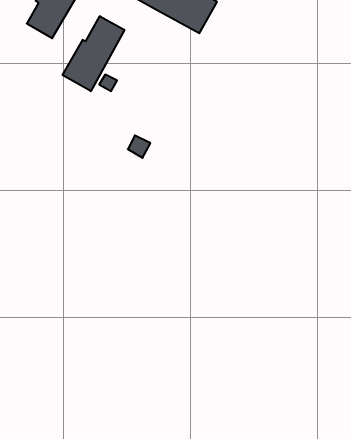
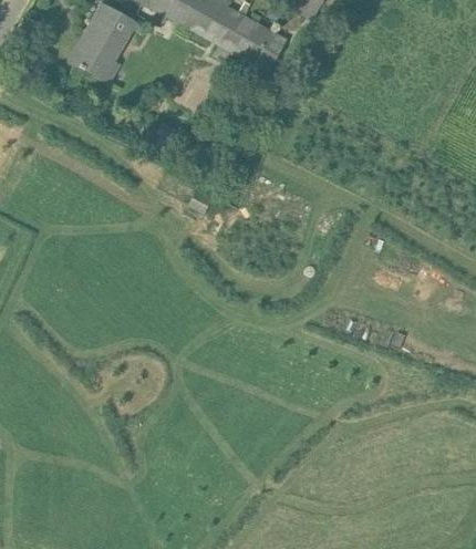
building: [63,16,124,91] -> none

